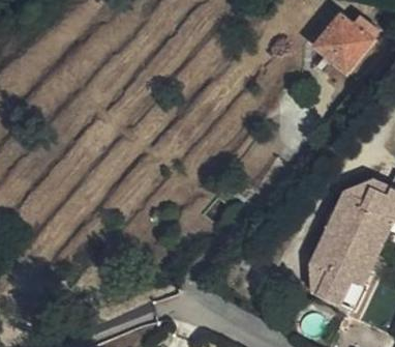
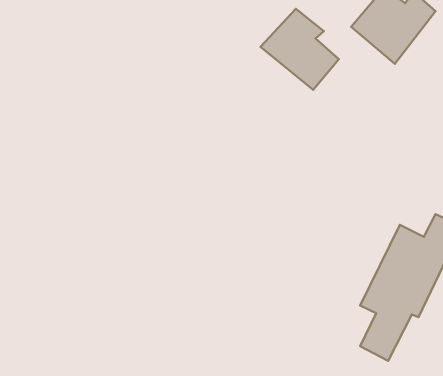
building: none -> [261,9,339,90]

